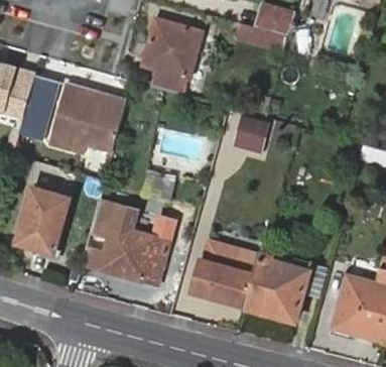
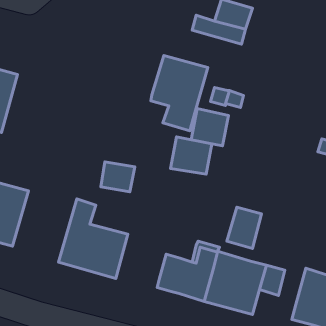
building: [142,19,200,95] -> [151,56,208,131]
building: [47,83,125,151] -> none
building: none -> [171,137,212,174]
building: none -> [227,207,261,248]

